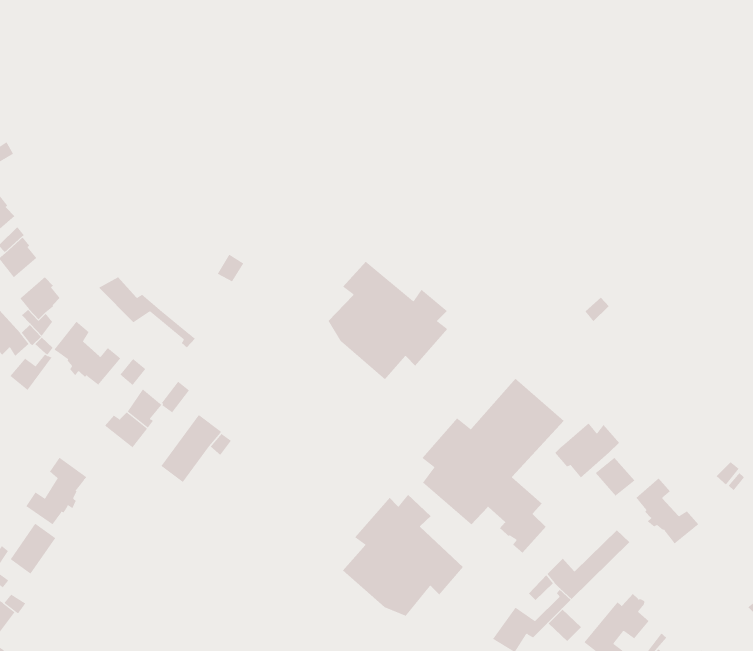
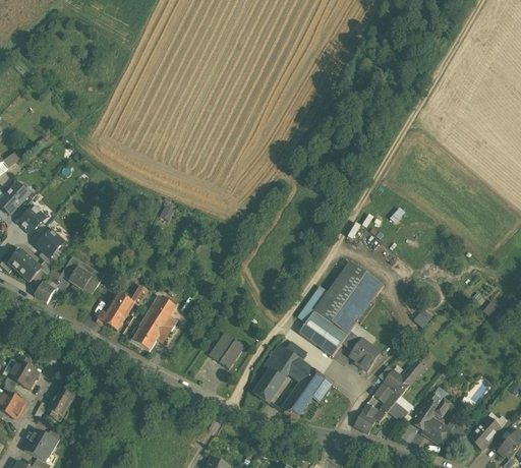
building: [328,261,448,380] -> none
building: [98,277,196,348] -> none
building: [555,423,620,478] -> none
building: [25,457,87,525] -> none
building: none -> [210,332,244,367]
building: [635,478,699,545] -> none

